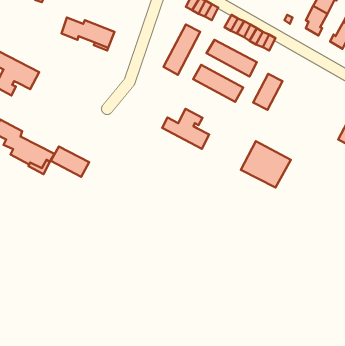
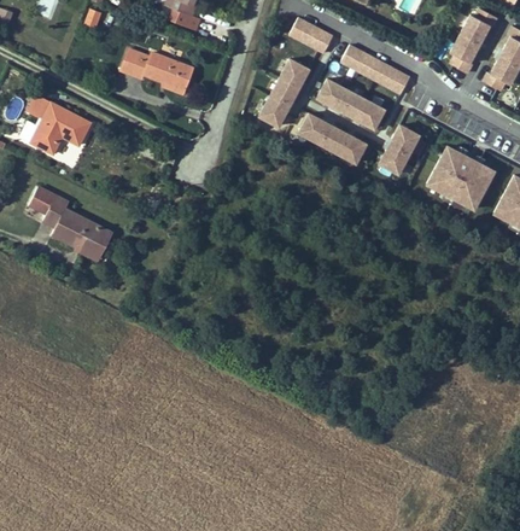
building: [162,109,209,149] -> none
building: [241,141,291,188] -> [427,146,495,209]
building: [51,146,89,177] -> none

